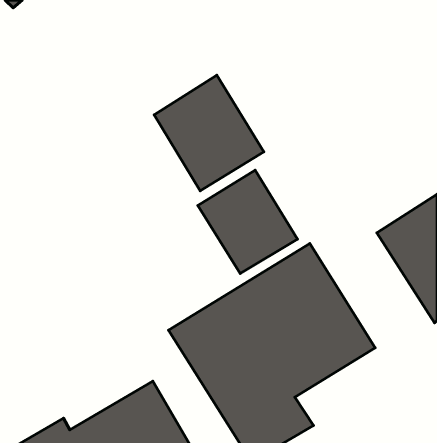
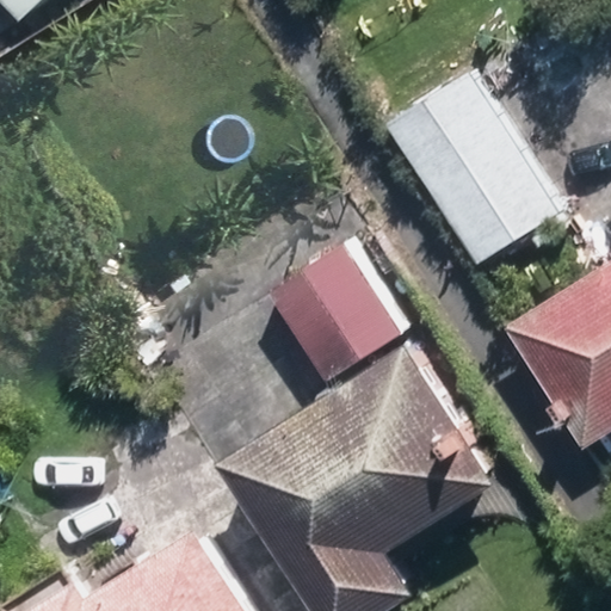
building: none -> [387,75,563,270]
building: [154,75,264,191] -> none

